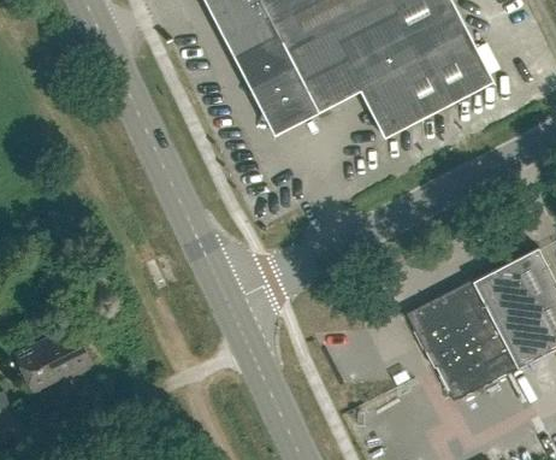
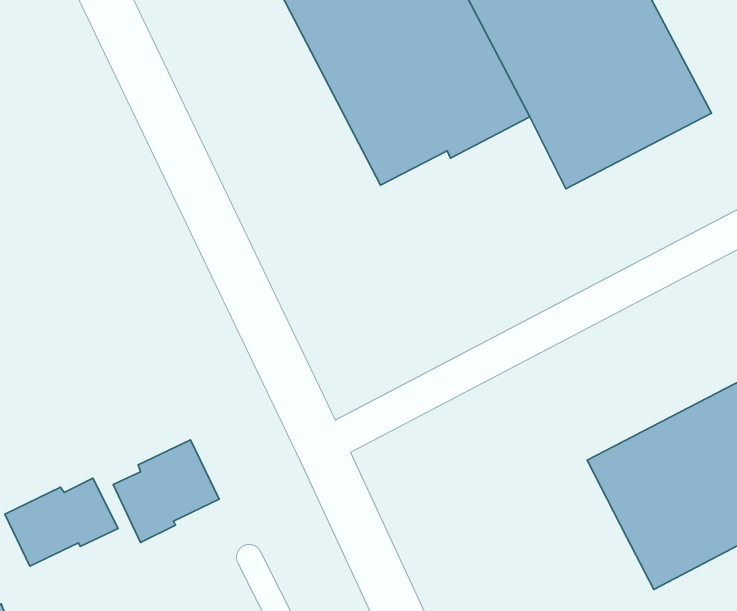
building: none -> [113,440,219,542]

